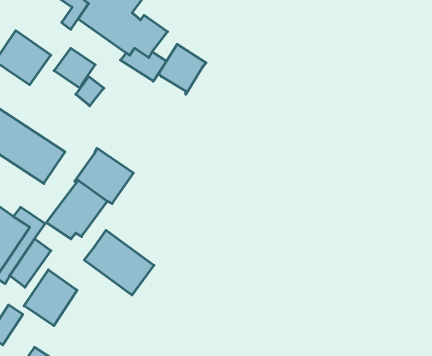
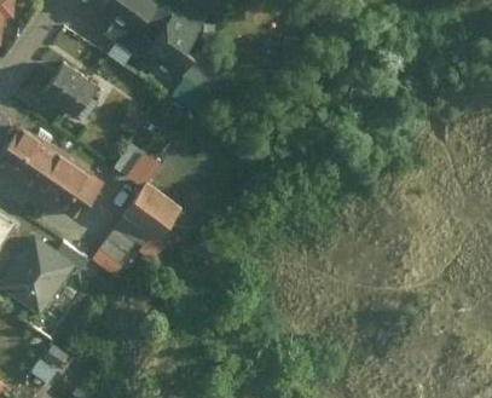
building: [158,44,206,94] -> none
building: [54,48,95,88] -> [116,146,158,188]
building: [84,230,154,295] -> none
building: [24,270,77,326] -> none

